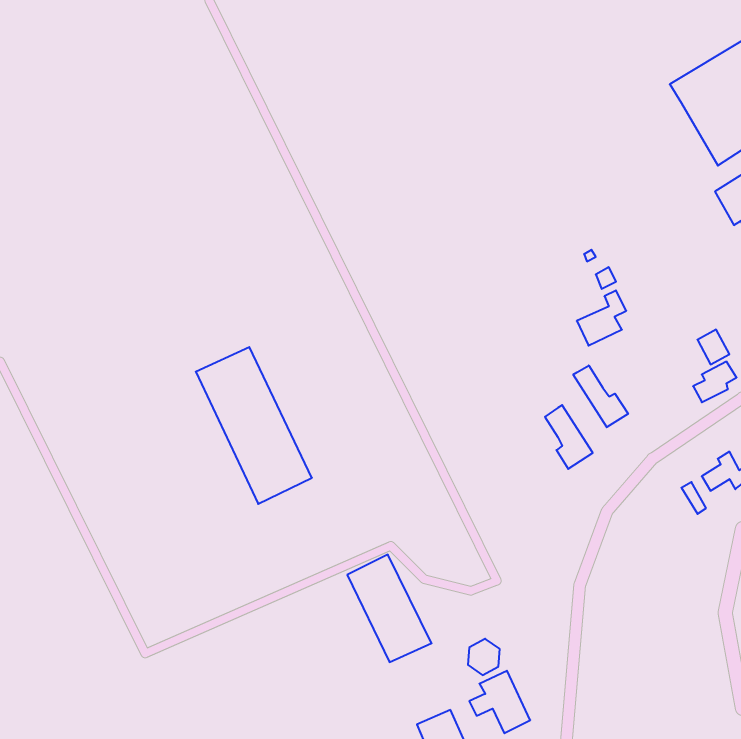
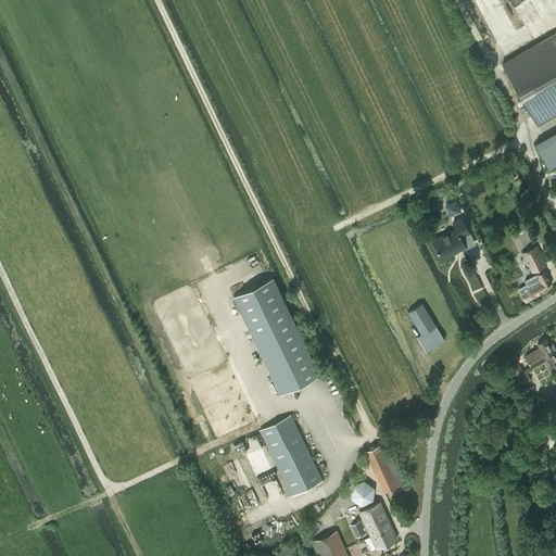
building: [196,347,312,504] -> [233,279,320,396]
building: [573,365,628,427] -> none
building: none -> [366,446,403,494]

